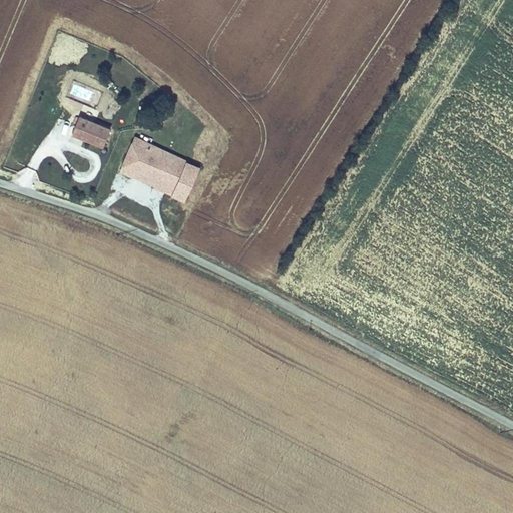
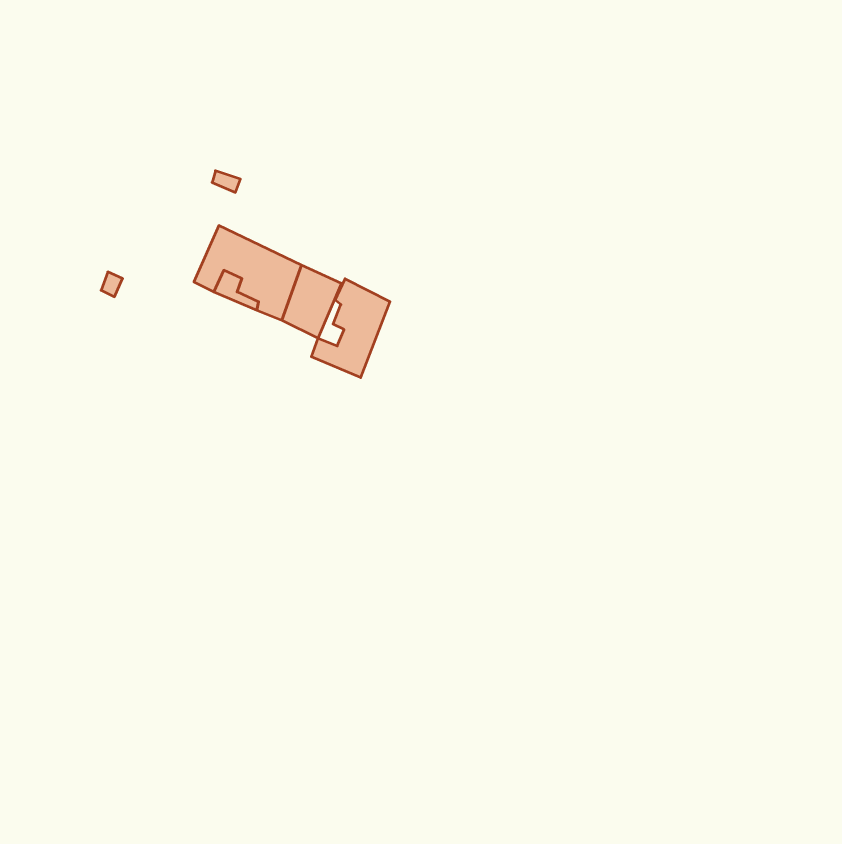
building: [70,116,110,148] -> none
building: none -> [311,279,390,378]

